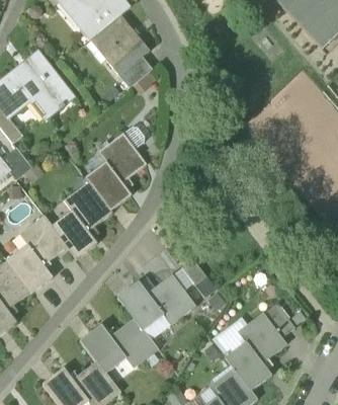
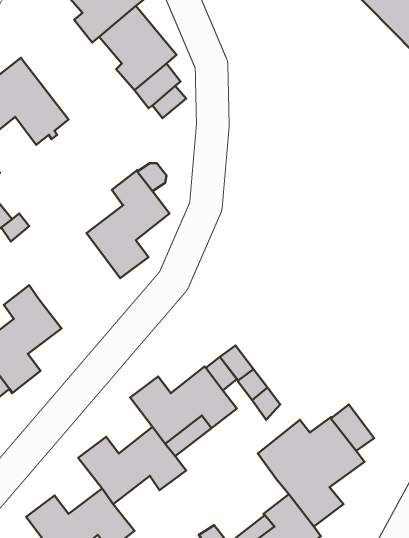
building: [52,182,112,259] -> none

